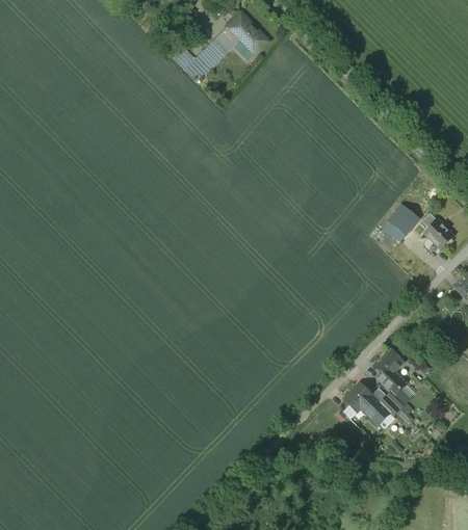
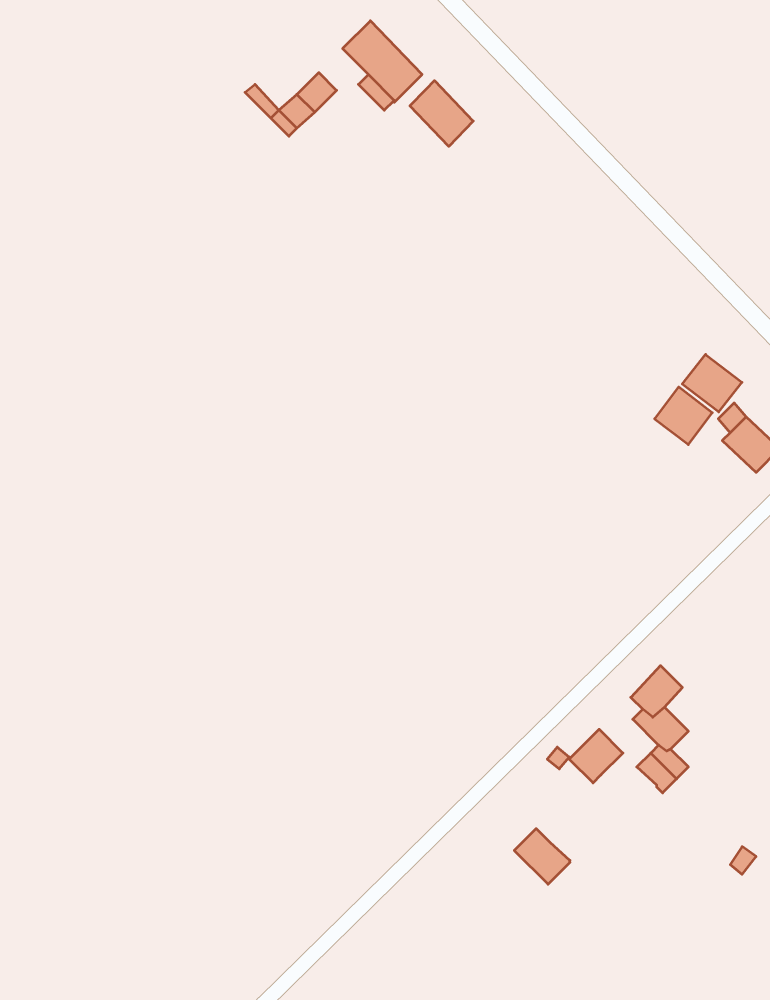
building: none -> [410,81,473,146]
building: none -> [682,354,742,412]
building: [360,396,389,425] -> [514,829,570,884]

